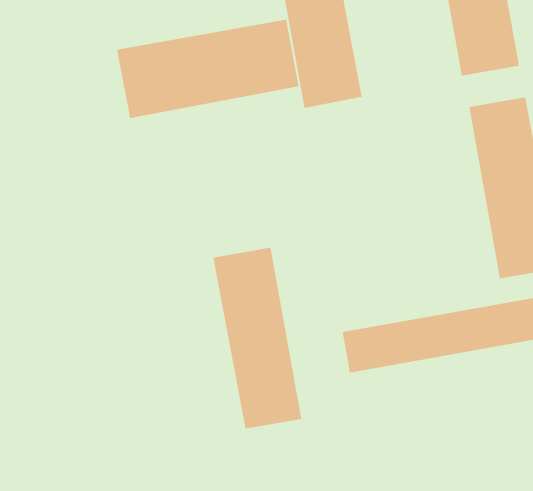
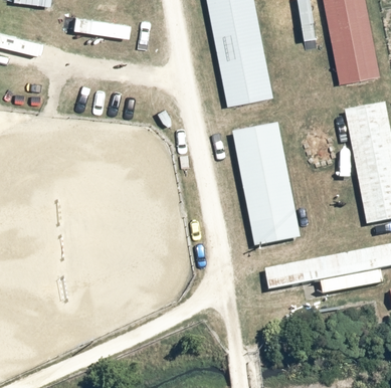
building: [117,19,299,119] -> none
building: [212,247,302,429] -> [233,122,295,246]

